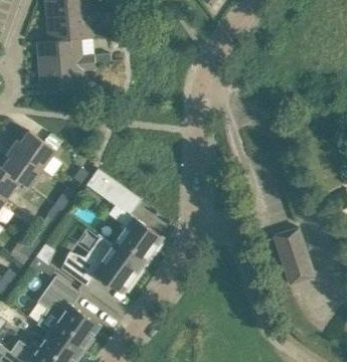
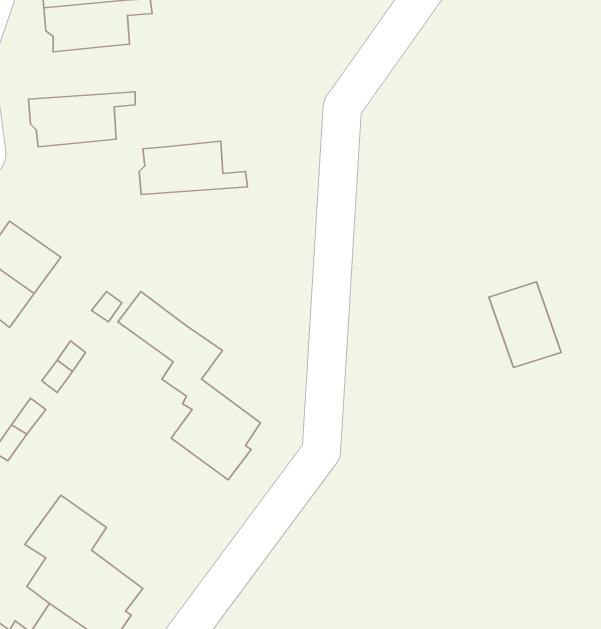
building: [37,38,95,66] -> [139,141,248,194]
building: [273,227,311,273] -> [489,282,561,368]
building: [60,236,144,293] -> none

